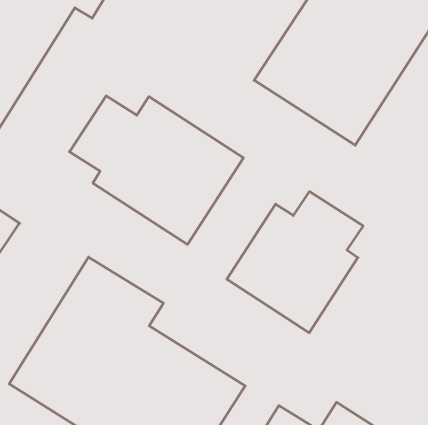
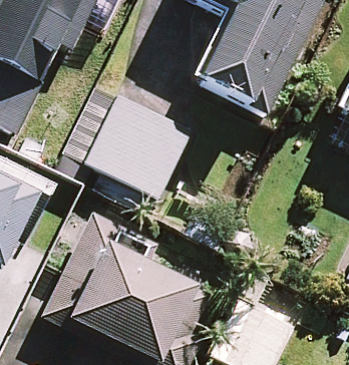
building: [227,192,363,333] -> none

